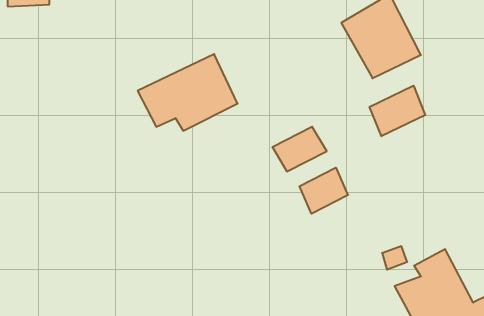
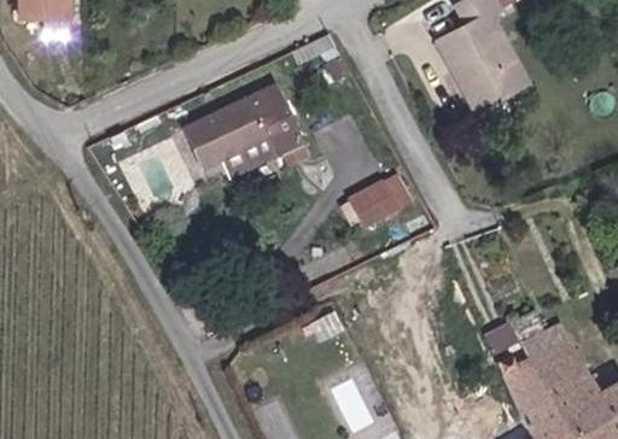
building: [370,86,425,136] -> none
building: [299,168,348,214] -> none

